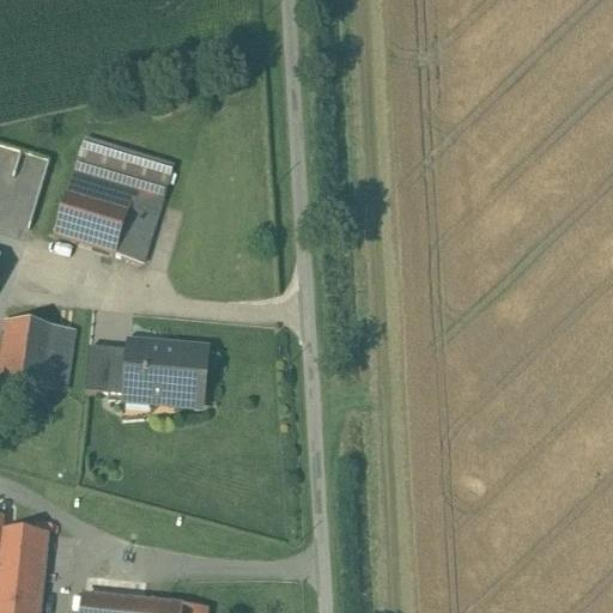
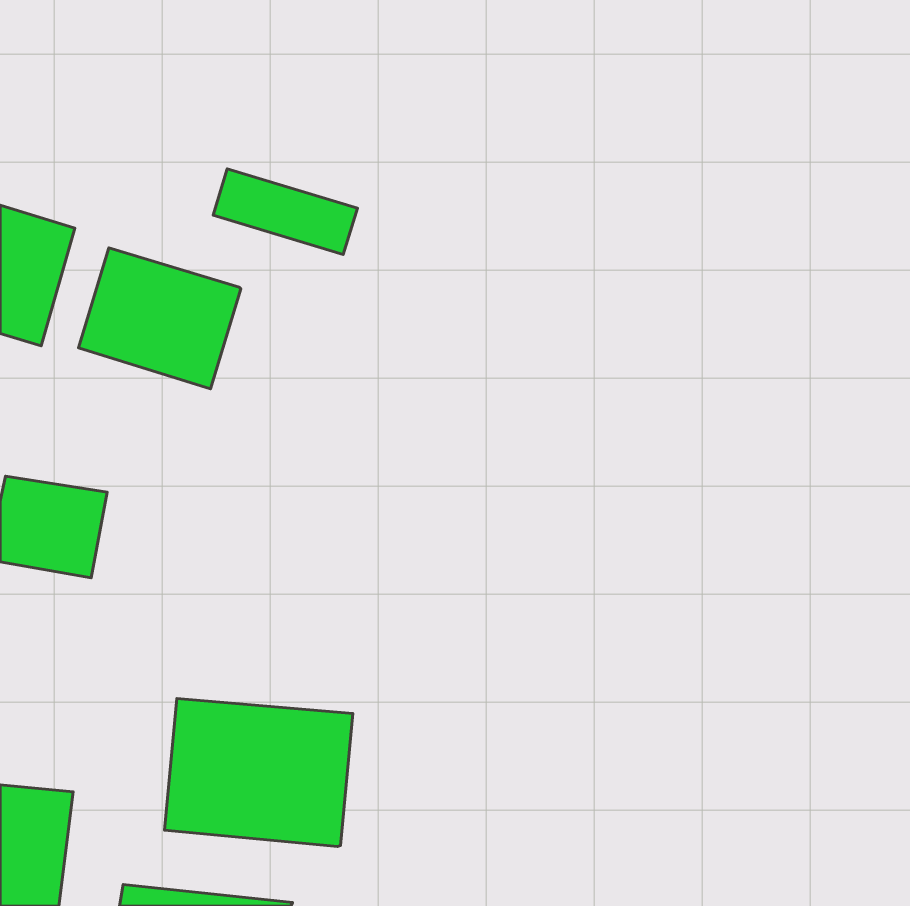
building: [74,135,171,193] -> [213,169,358,255]
building: [85,342,206,406] -> none
building: none -> [165,698,353,847]

